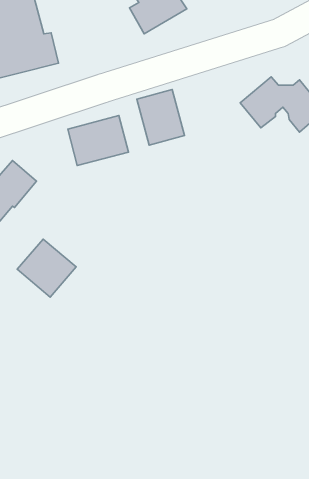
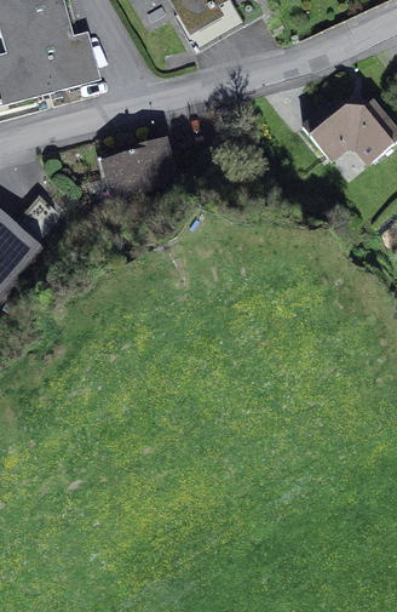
building: [137,89,184,145] -> none
building: [17,239,76,297] -> none

